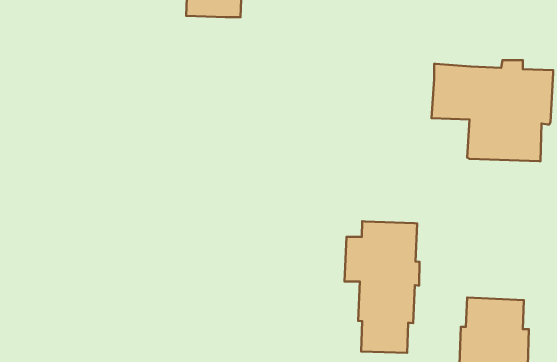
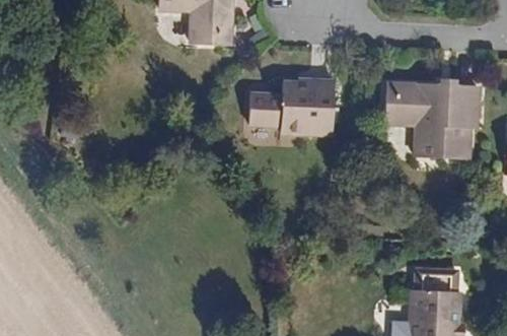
building: none -> [247,77,336,138]
building: [345,221,420,353] -> none

